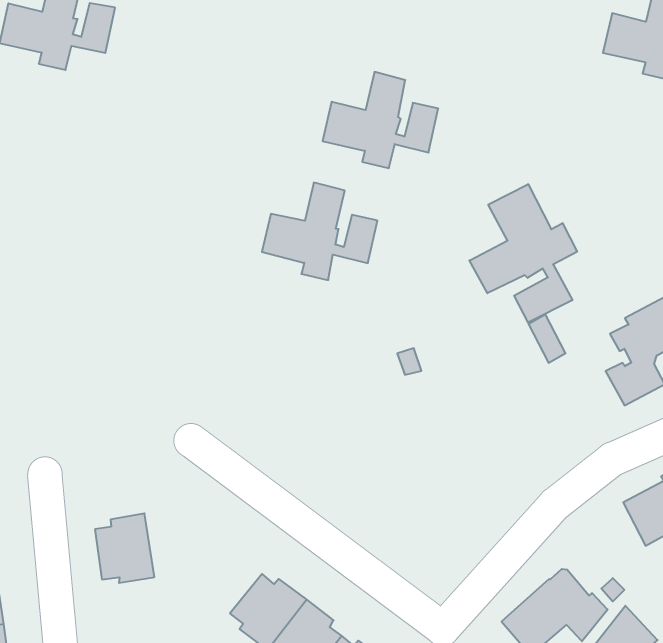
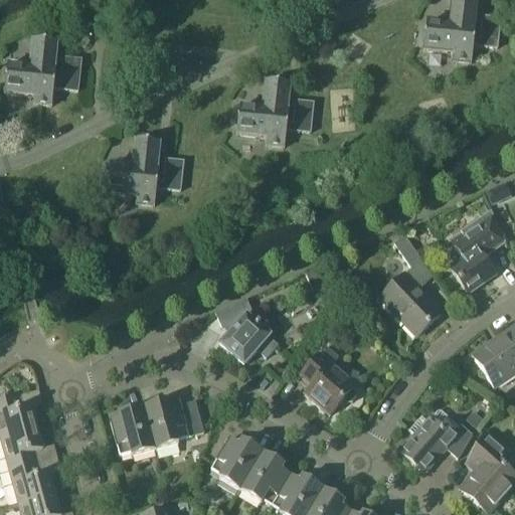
building: [262,183,377,280] -> [107,138,184,204]
building: [469,184,577,323] -> none
building: none -> [380,273,442,334]
building: none -> [215,297,279,364]
building: none -> [300,344,356,413]
building: none -> [144,398,204,448]

